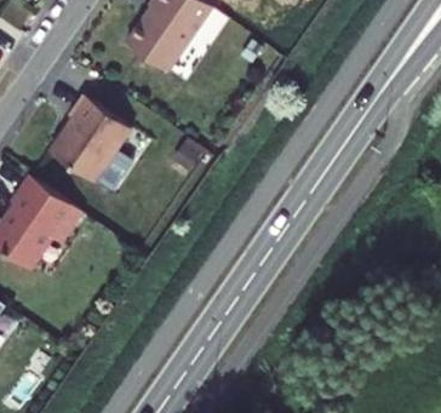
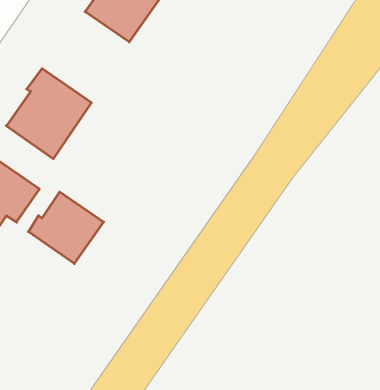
building: none -> [28,192,104,264]

